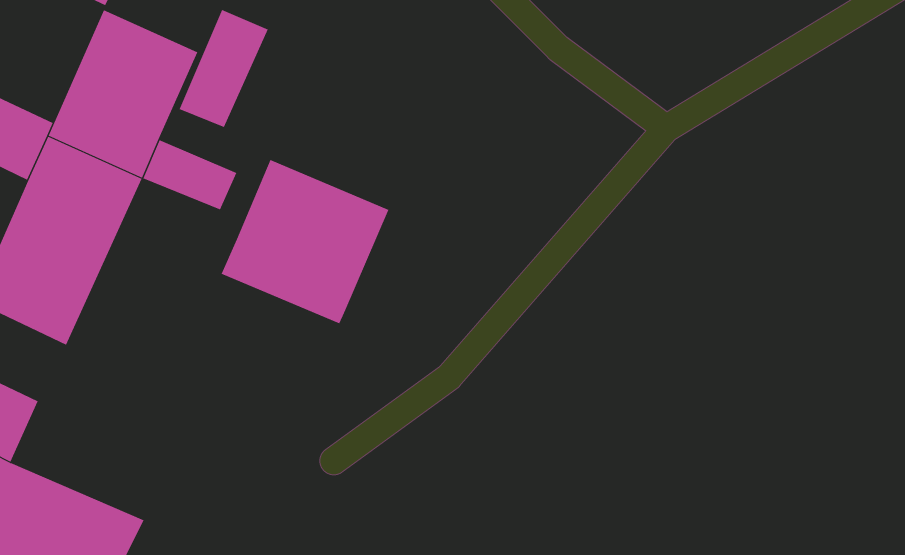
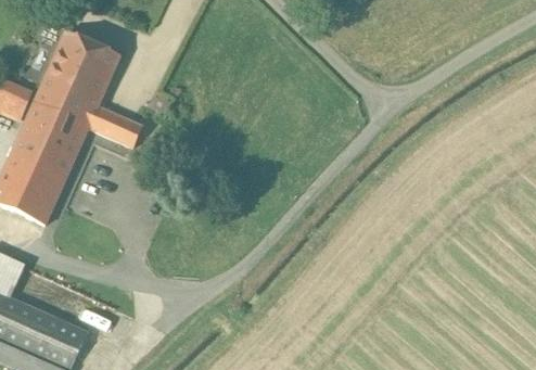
building: [179,9,269,128] -> none
building: [221,159,389,324] -> none

